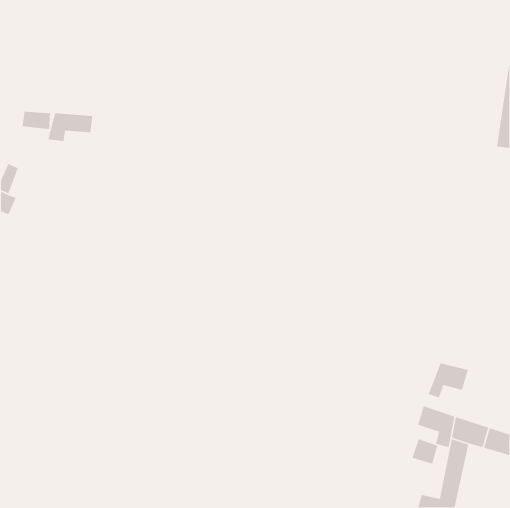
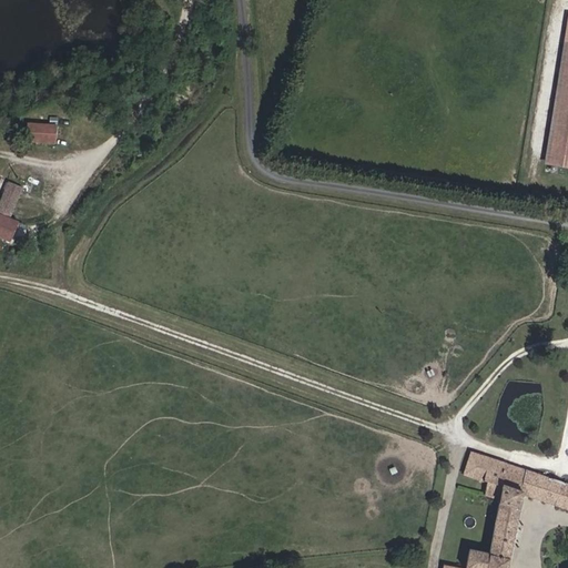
building: [48,112,93,142] -> none
building: [427,362,469,398] -> none
building: [411,438,438,465] -> none

